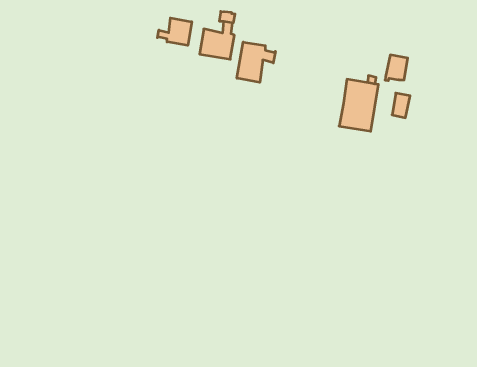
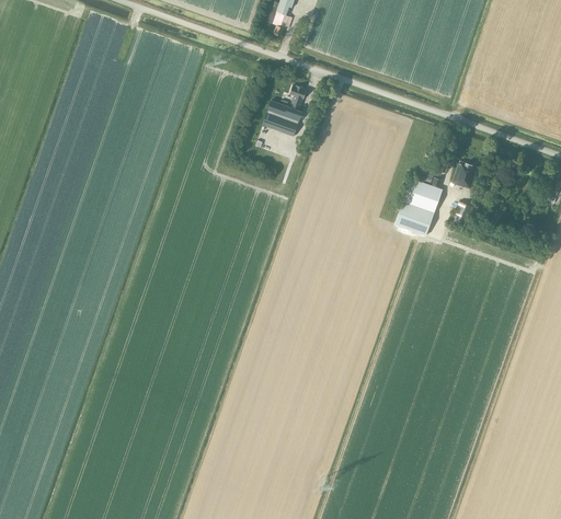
building: [157,18,192,45] -> none
building: [237,42,275,82] -> none

